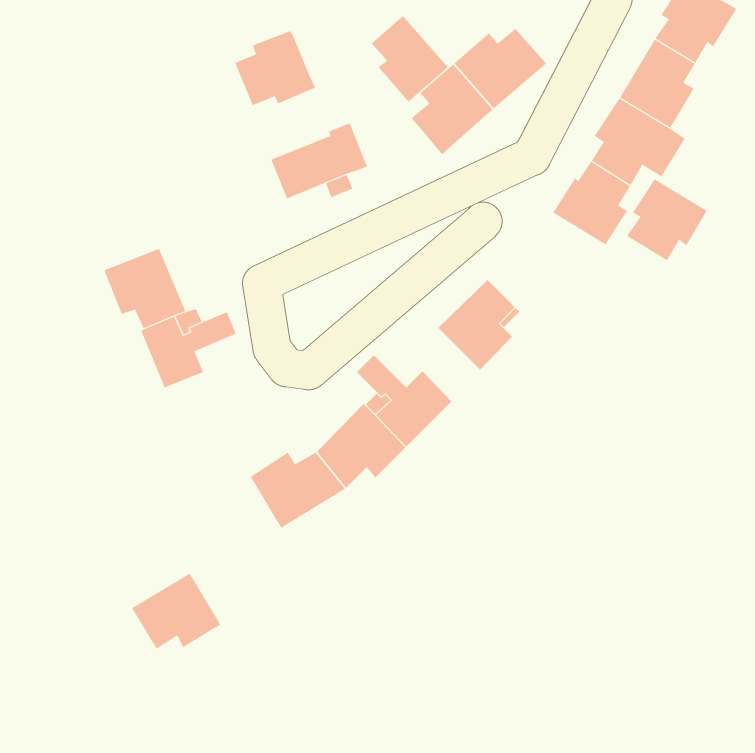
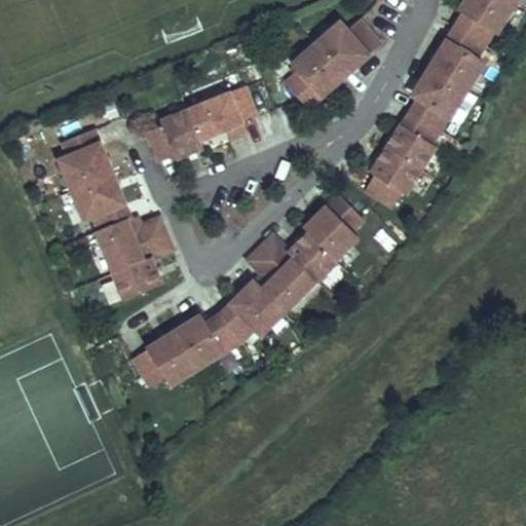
building: [371,15,449,103] -> none
building: [235,30,316,106] -> [147,108,203,160]
building: [626,178,707,261] -> [365,148,421,205]
building: none -> [61,128,111,188]
building: none -> [260,231,338,283]
building: none -> [110,232,172,299]
building: [131,573,221,649] -> [133,332,195,385]

